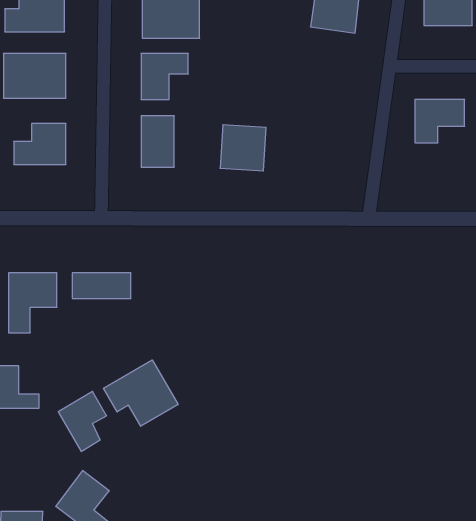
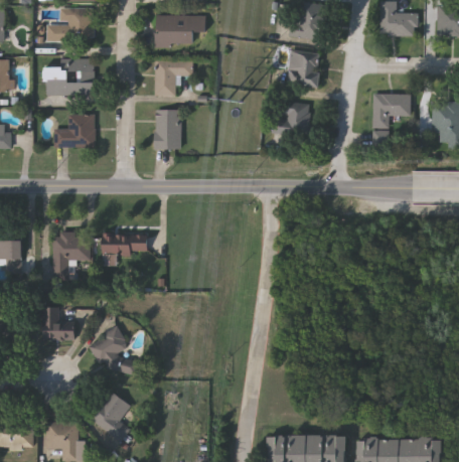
building: none -> [286,52,325,90]
building: [220,125,266,171] -> [274,102,310,138]
building: [104,360,178,426] -> none

